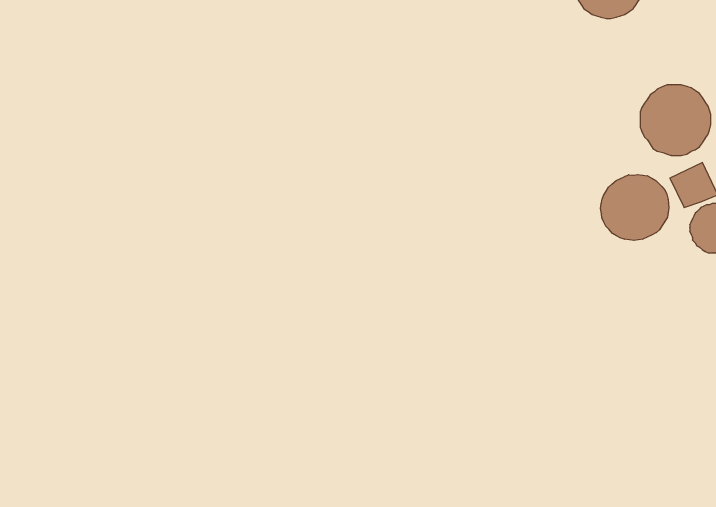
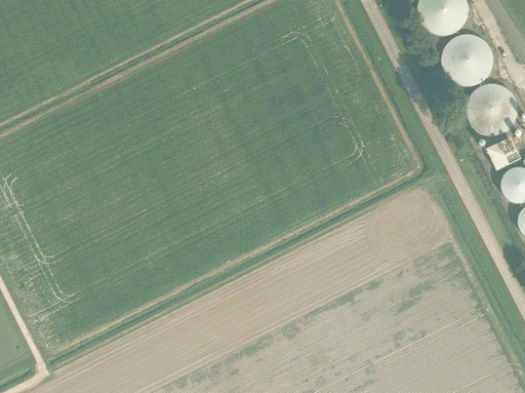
building: none -> [441,33,492,85]
building: [600,175,669,240] -> none

